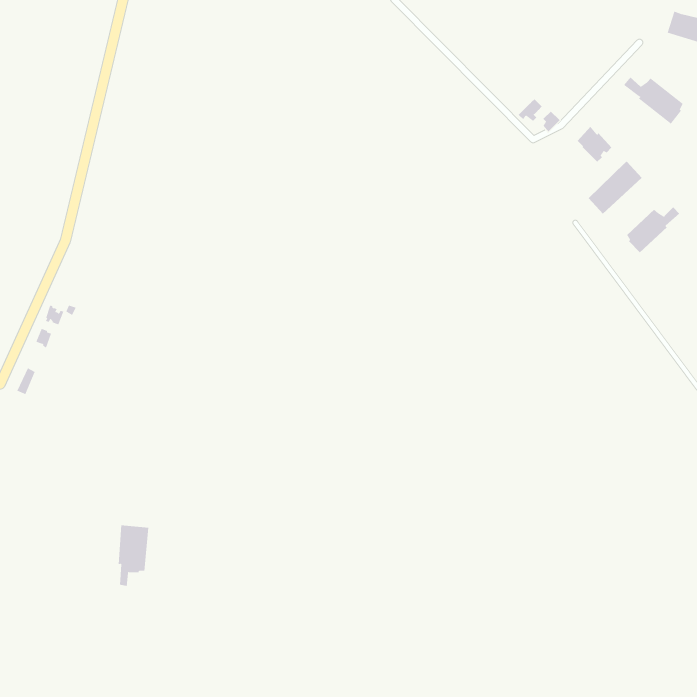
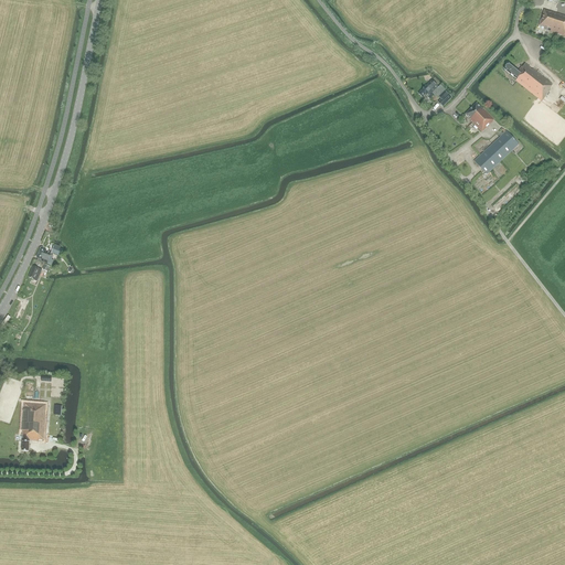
building: [626,206,680,253] -> none
building: [118,525,149,586] -> [22,402,47,451]

